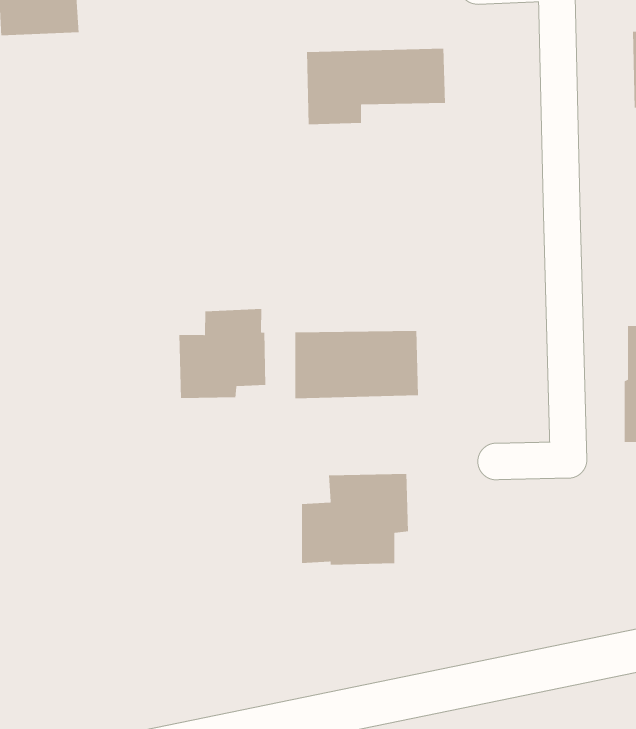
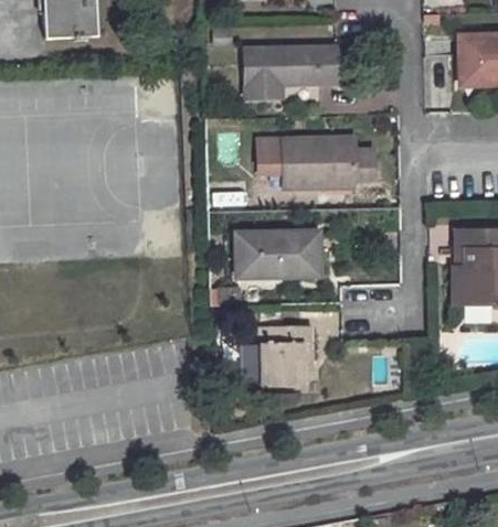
building: none -> [259,137,373,186]
building: [178,308,266,399] -> none

